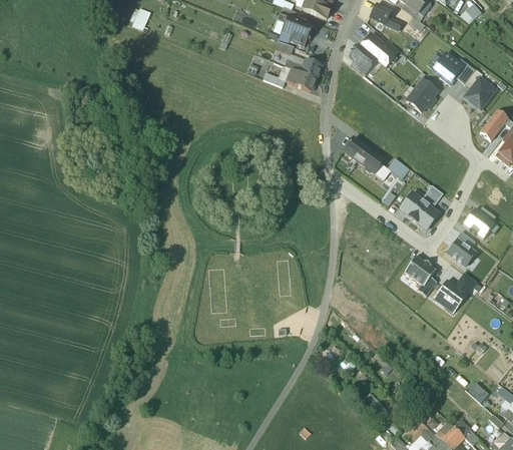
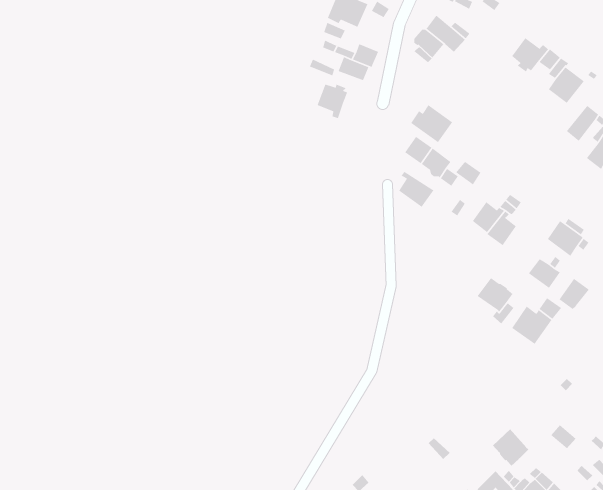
building: [407,79,438,111] -> none
building: none -> [316,84,348,119]
building: none -> [410,104,453,143]
building: none -> [398,171,434,208]
building: none -> [558,278,590,310]
building: none -> [492,428,530,466]

